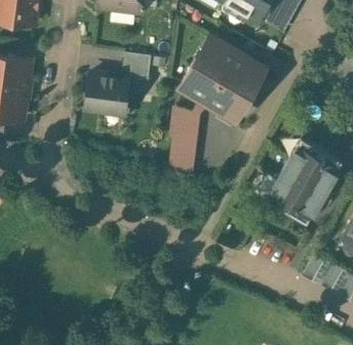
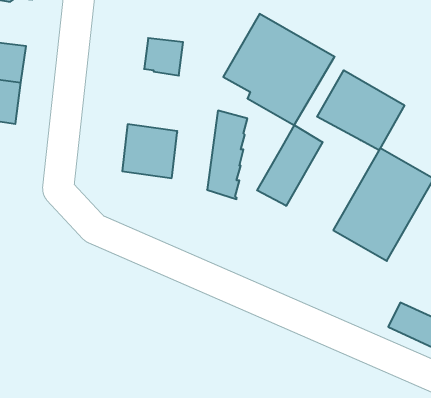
building: [86,74,128,115] -> [122,124,177,178]
building: none -> [317,70,404,150]
building: none -> [257,125,323,206]

